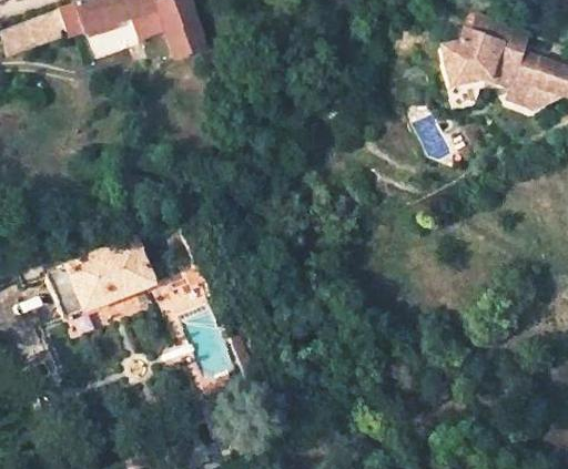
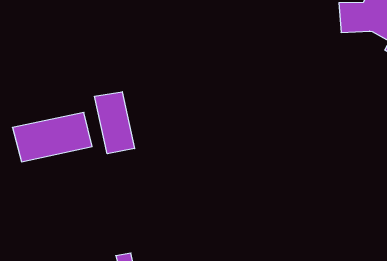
building: none -> [95,92,135,154]

